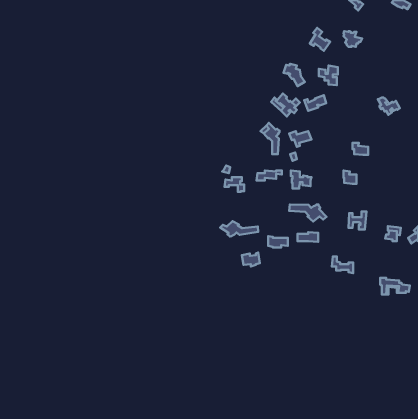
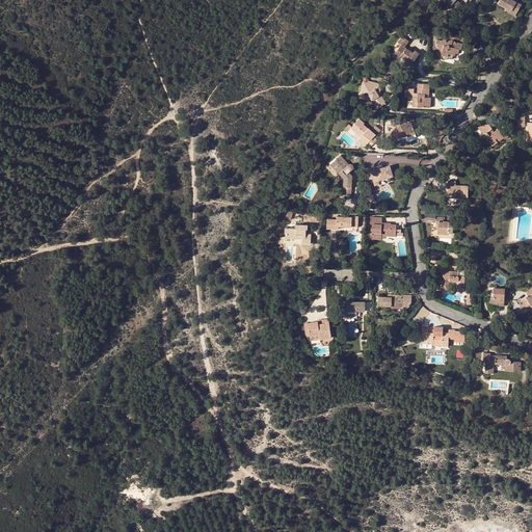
building: [289,205,326,222] -> none
building: [220,221,258,237] -> none

